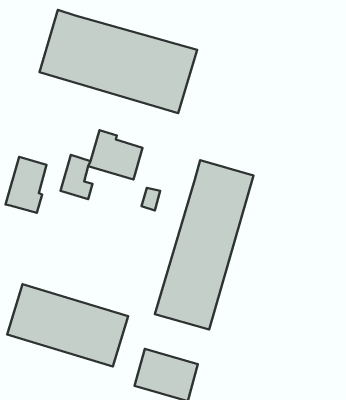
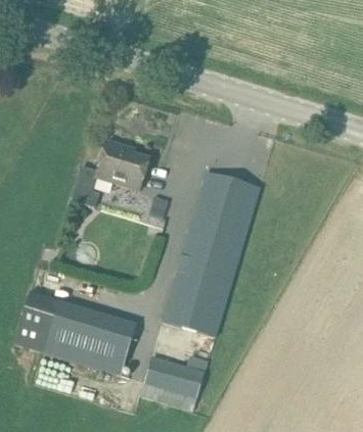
building: [39,10,197,113] -> none
building: [5,157,47,213] -> none

